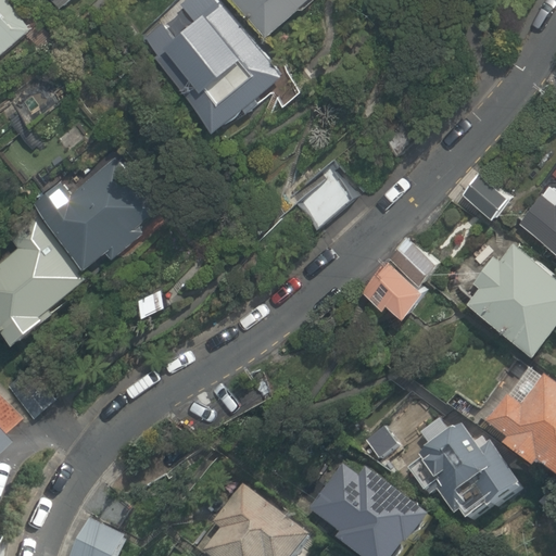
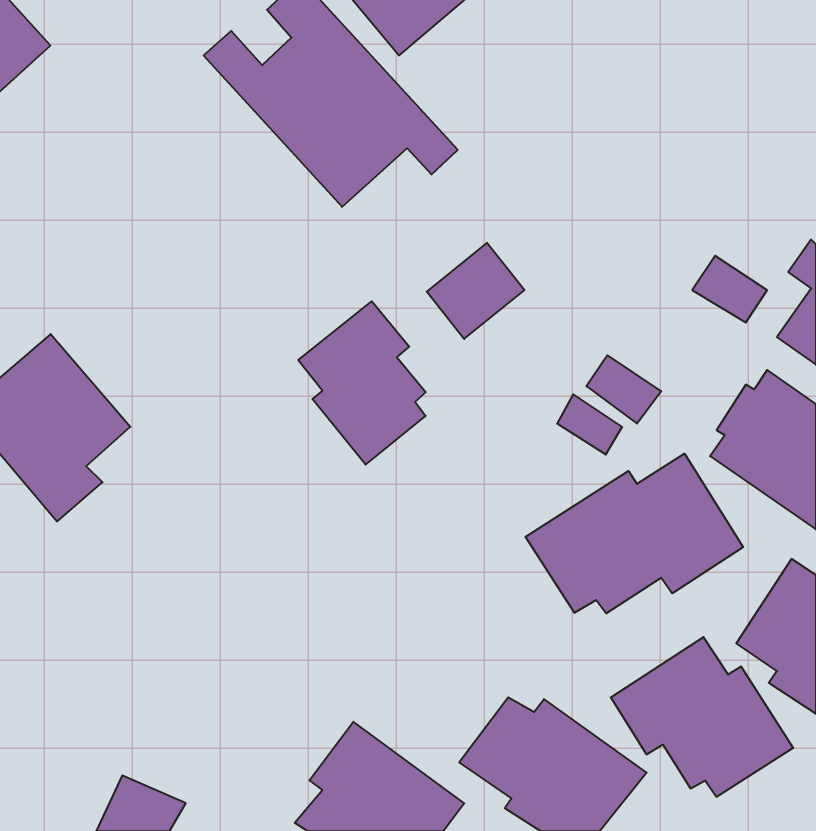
building: [26,149,156,270] -> none
building: none -> [298,301,426,465]
building: none -> [526,454,743,613]

